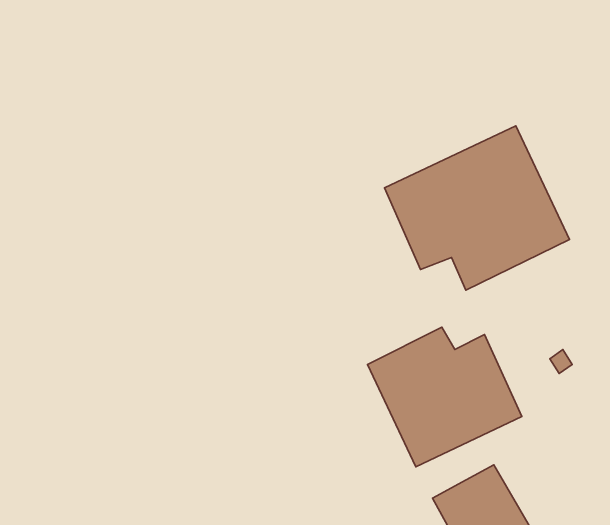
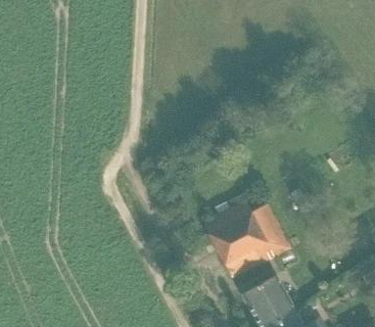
building: [385,126,570,290] -> none

